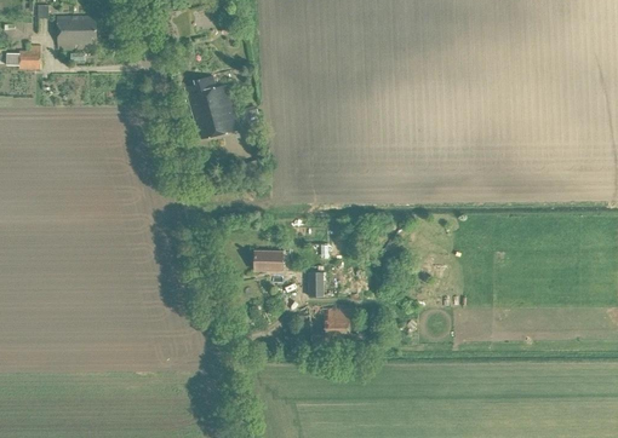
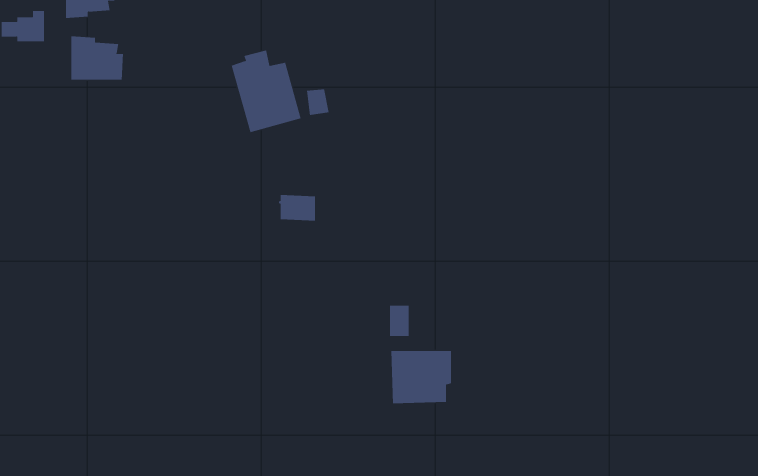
building: none -> [71,35,124,81]
building: [253,250,282,271] -> [278,195,316,221]

